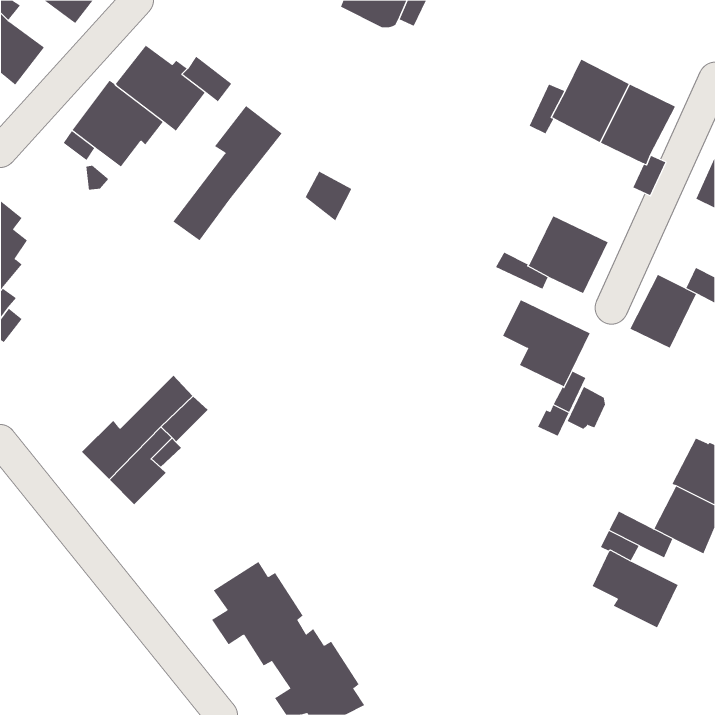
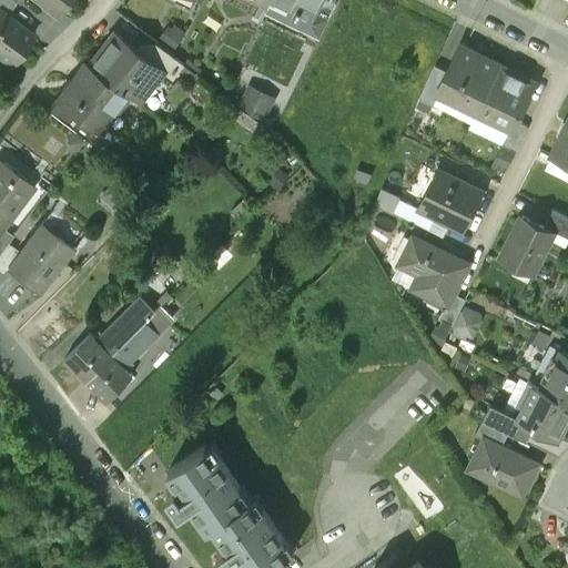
building: [172,105,282,241] -> none
building: [305,171,352,221] -> [239,85,276,125]
building: none -> [8,225,73,294]

